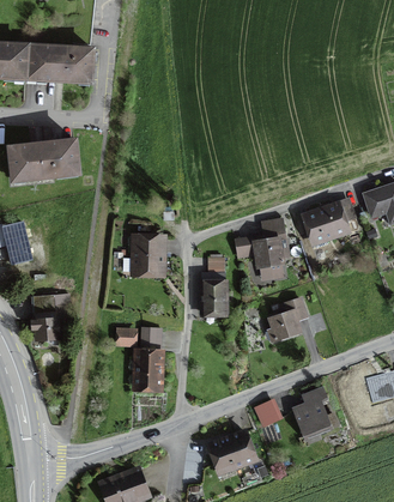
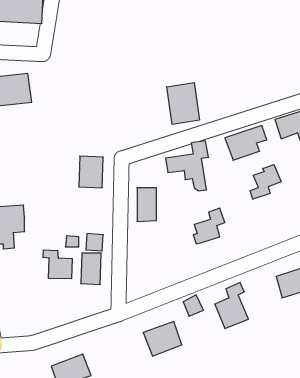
building: none -> [167,83,199,124]
building: none -> [250,165,281,199]
building: none -> [43,250,72,279]

